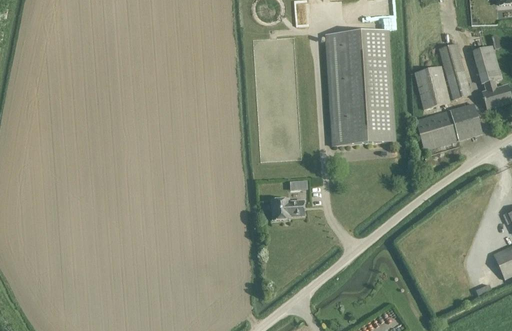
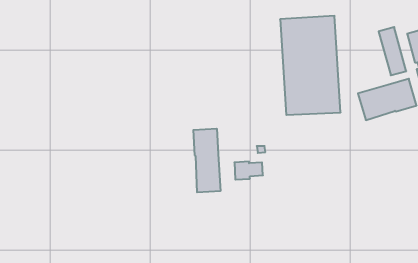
building: [414,65,451,108] -> none
building: none -> [193,129,220,192]

